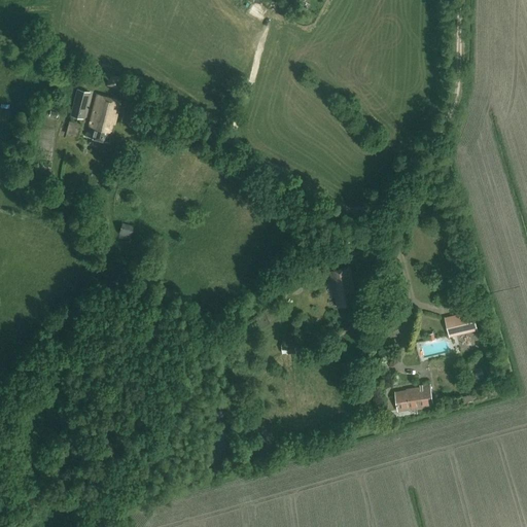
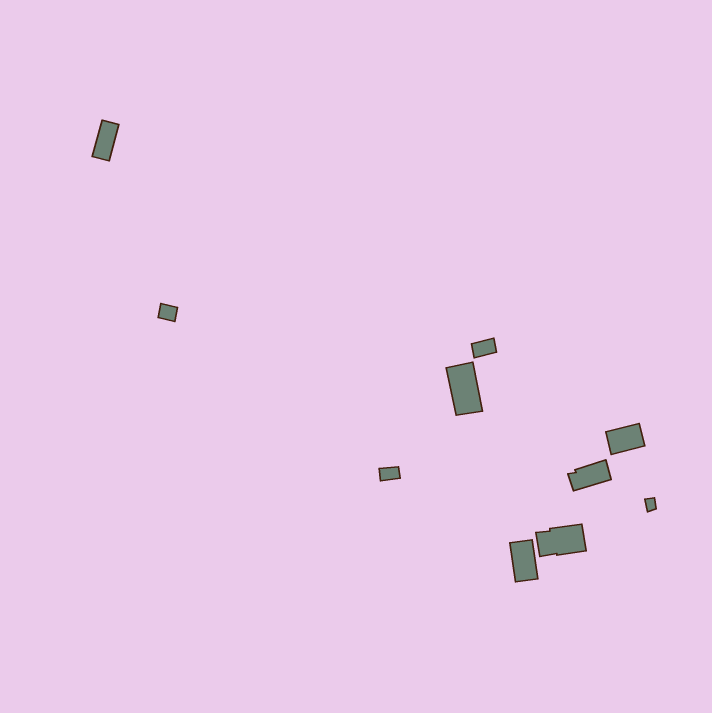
building: [84,96,118,143] -> none
building: none -> [510,540,538,582]

